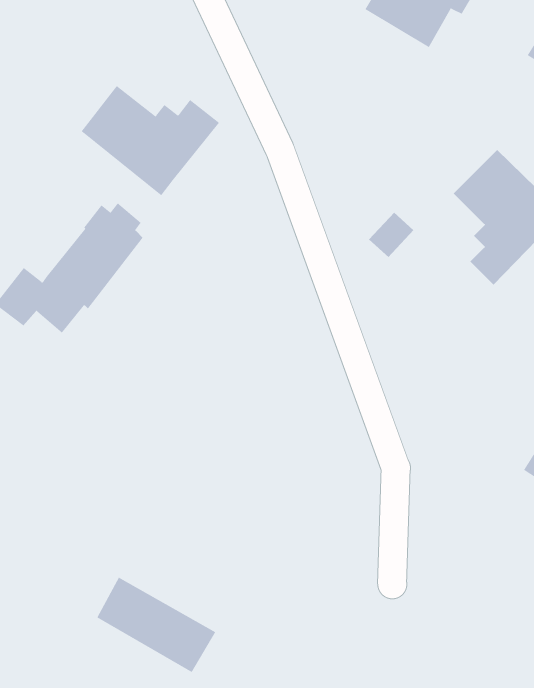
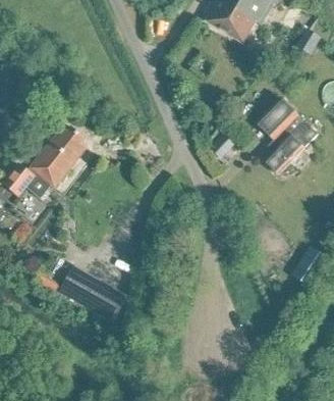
building: [81,85,220,196] -> none
building: [96,577,216,673] -> [61,268,127,321]

